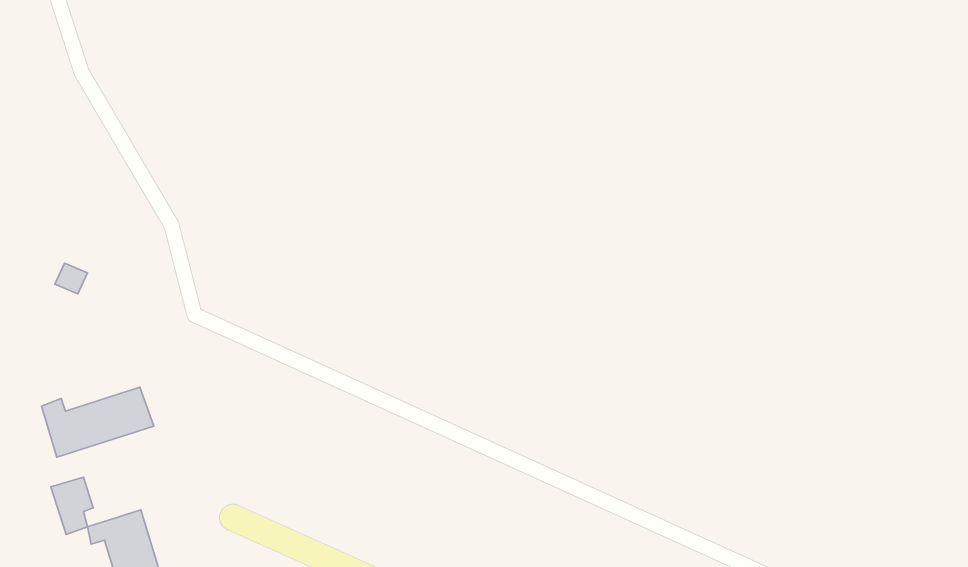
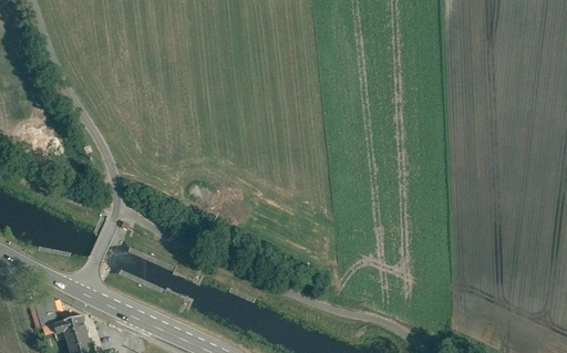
building: [42,387,154,457] -> none

